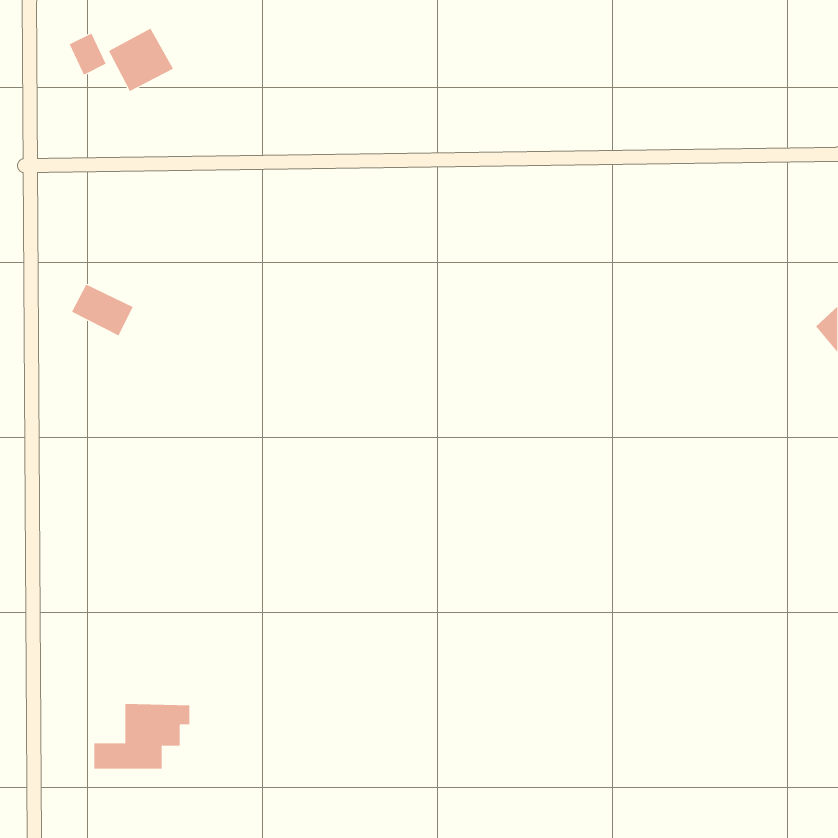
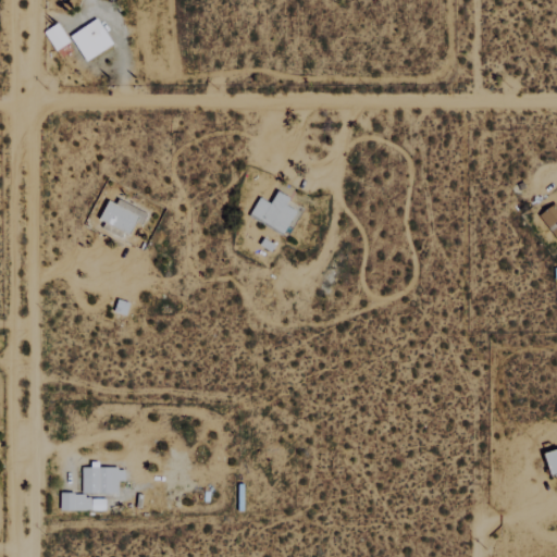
building: [71,284,133,336] -> [101,200,143,235]
building: none -> [249,190,300,236]

